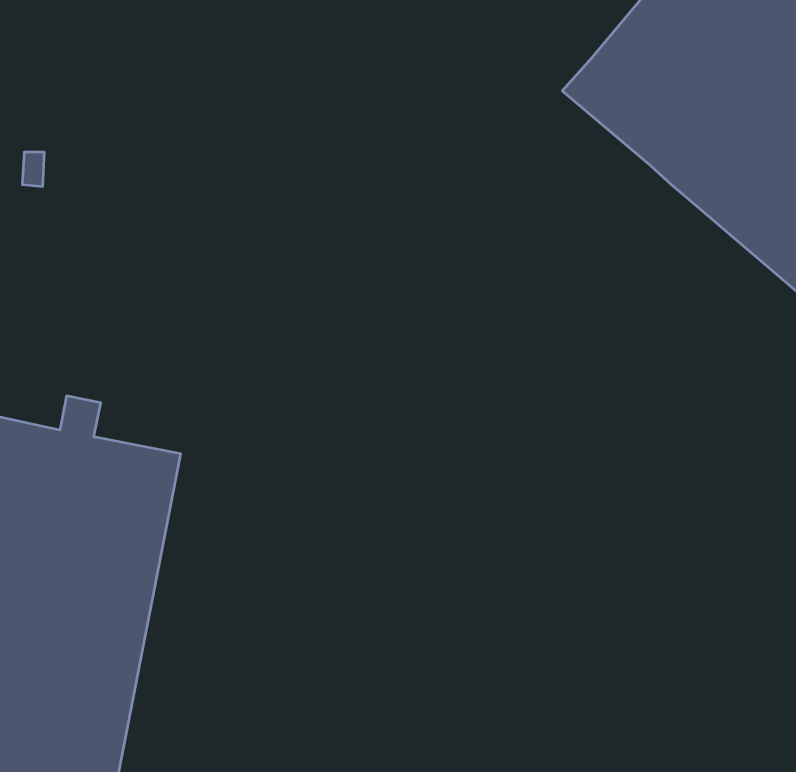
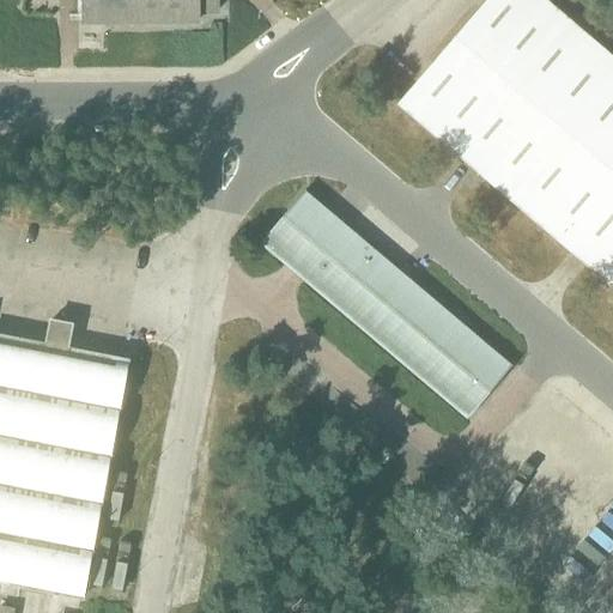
building: none -> [260,189,511,417]

